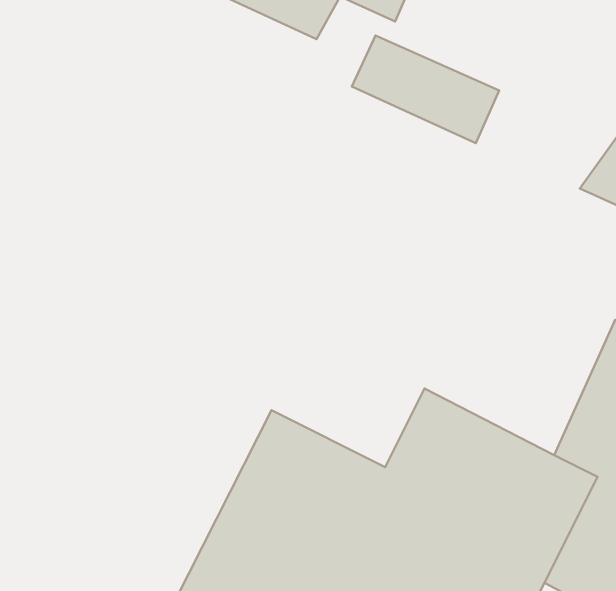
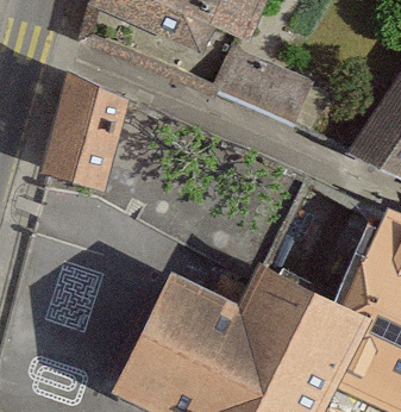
building: none -> [48,82,125,185]

